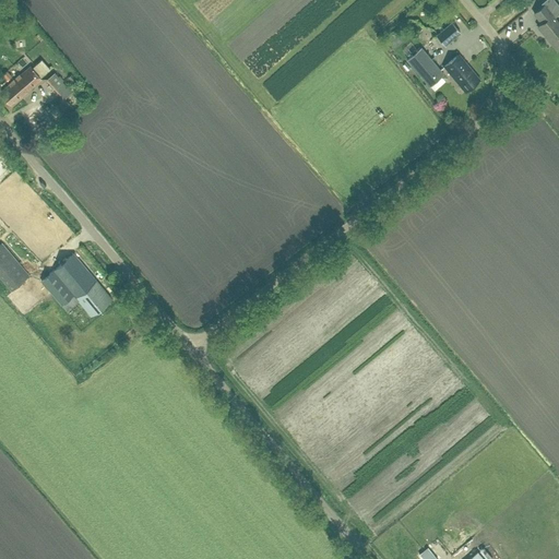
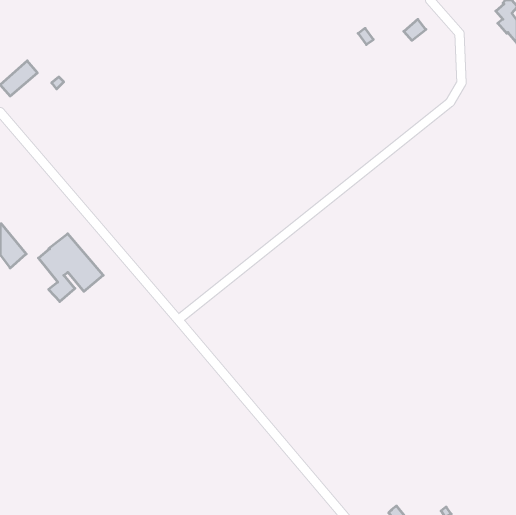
building: [409,50,443,86] -> none
building: [444,55,480,93] -> none

